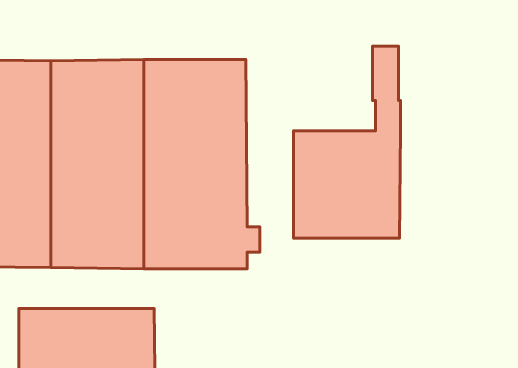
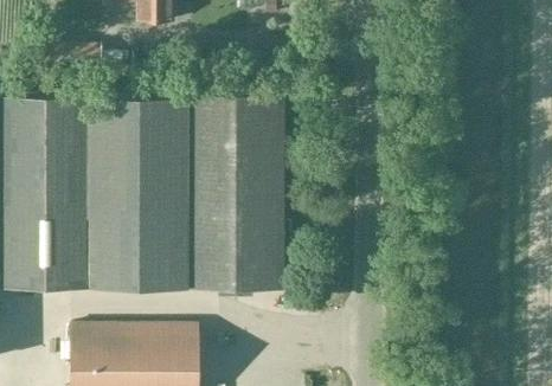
building: [293,46,400,238] -> none

